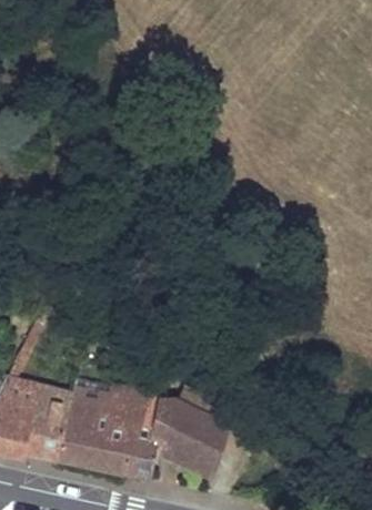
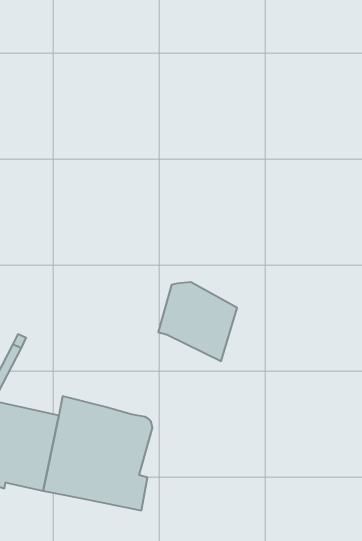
building: [151,402,223,475] -> [158,282,237,361]

